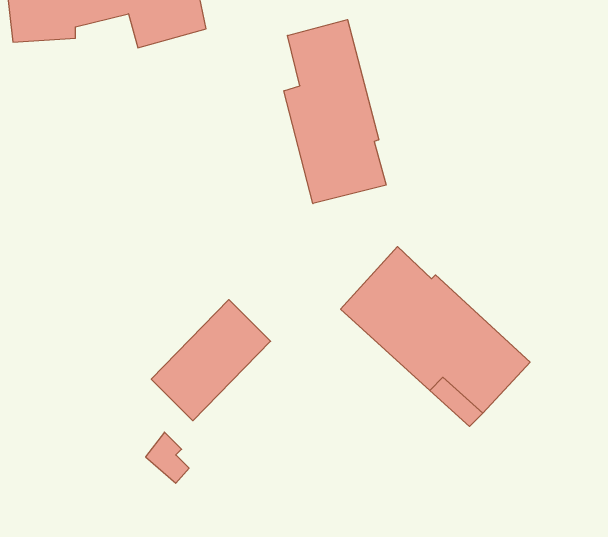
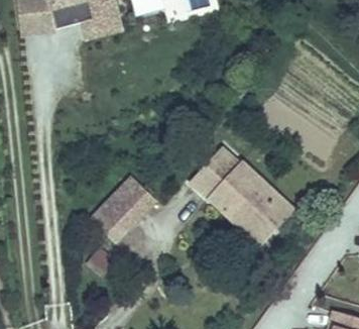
building: [284,20,386,204] -> none

